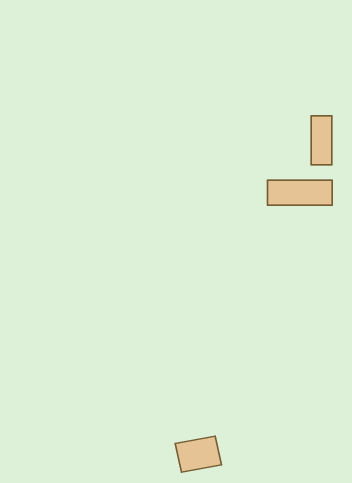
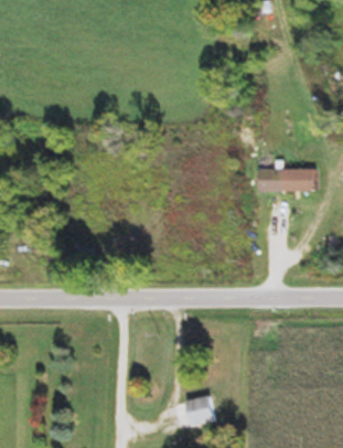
building: [311,116,332,165] -> none

